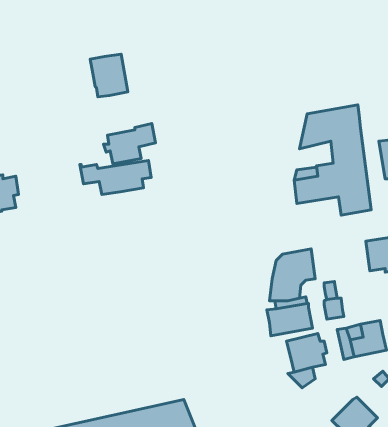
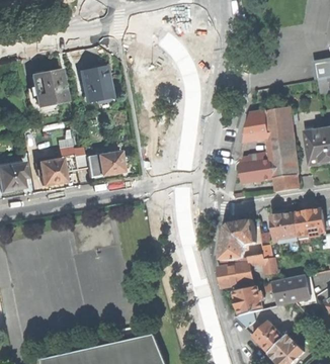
building: none -> [26,70,65,111]
building: [104,123,156,164] -> [34,153,75,184]
building: none -> [271,212,298,242]
building: none -> [253,320,284,352]

